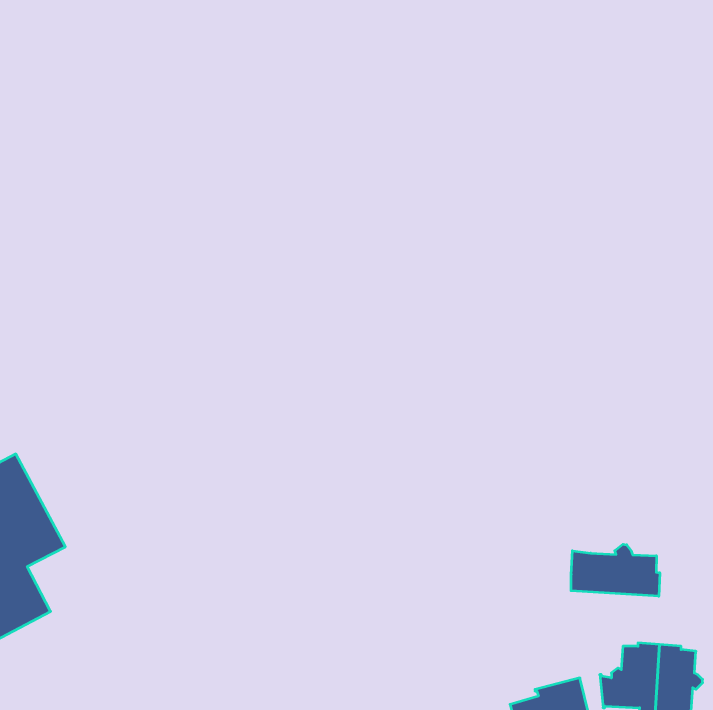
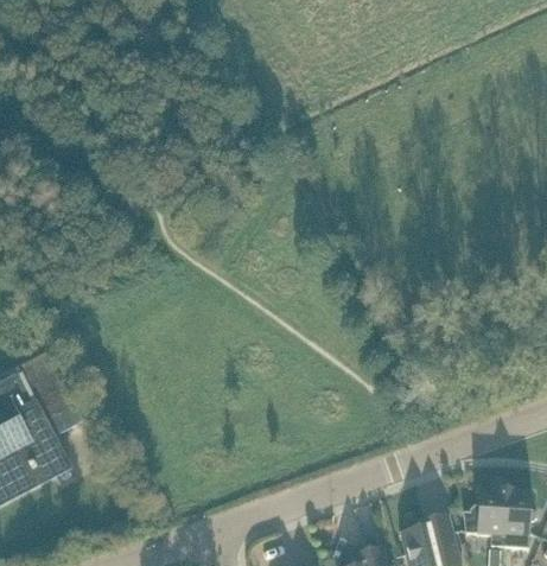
building: [571,544,660,596] -> none

